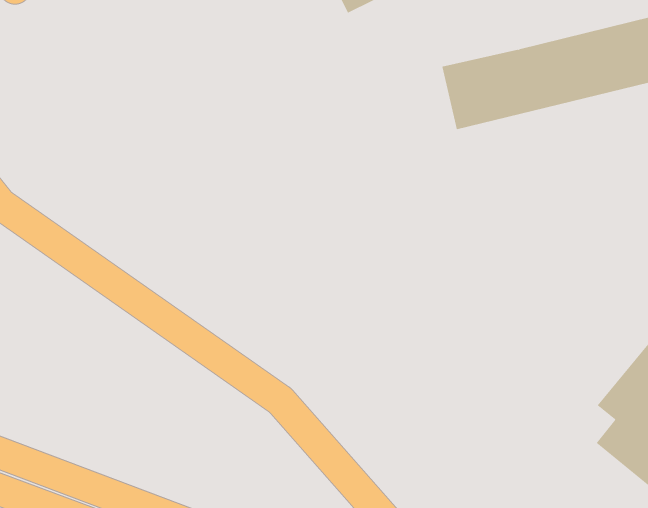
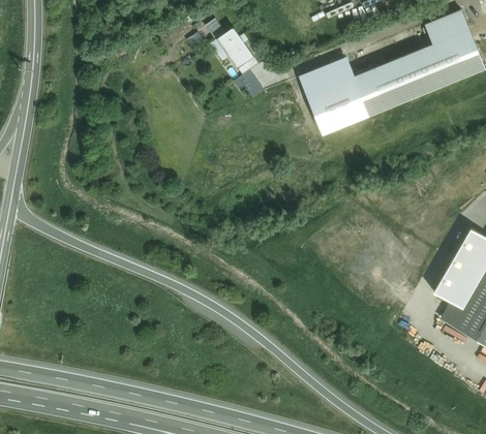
building: none -> [234,71,265,99]
building: none -> [299,60,353,97]

